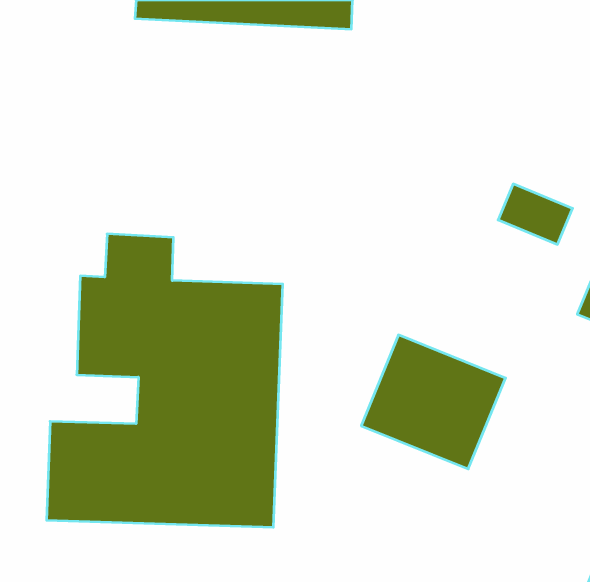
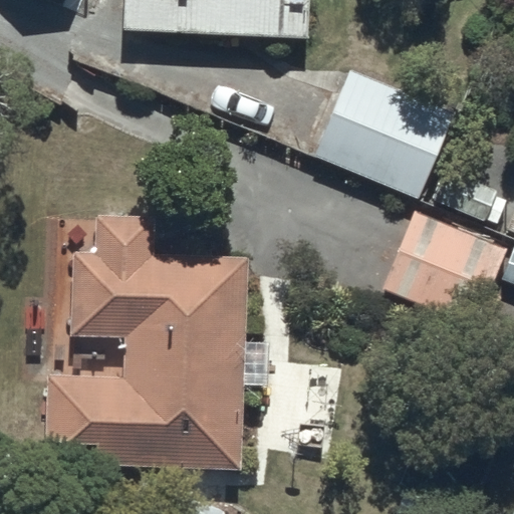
building: none -> [314,70,454,200]
building: [361,335,506,469] -> [381,211,506,326]

